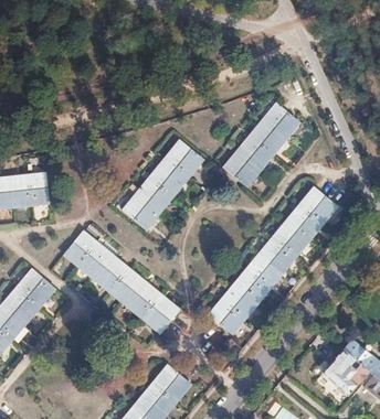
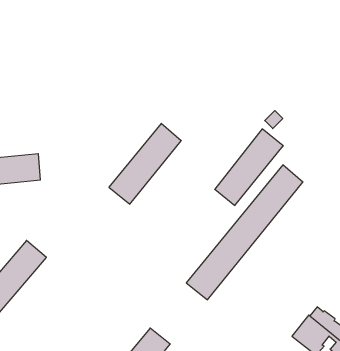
building: [224,104,299,187] -> [215,129,283,205]
building: [64,232,179,332] -> none

